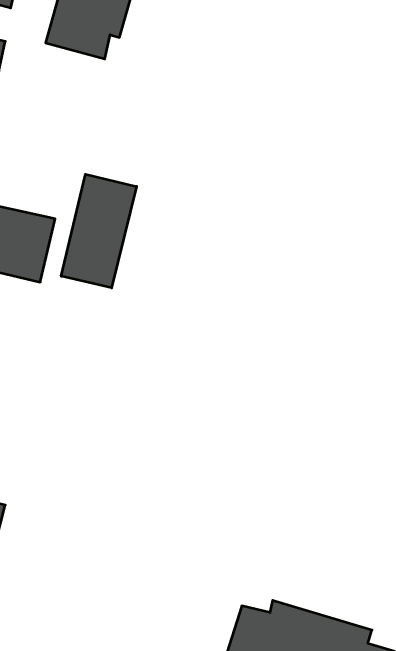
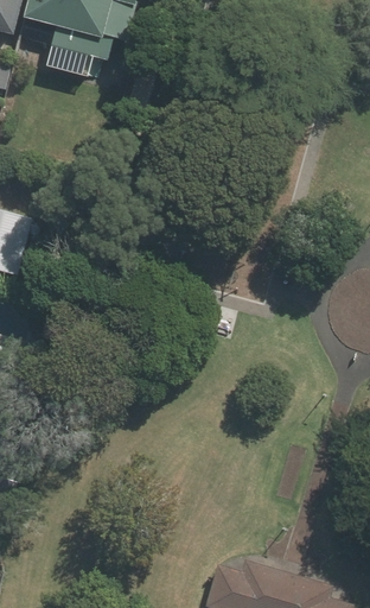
building: [61,174,137,288] -> none

